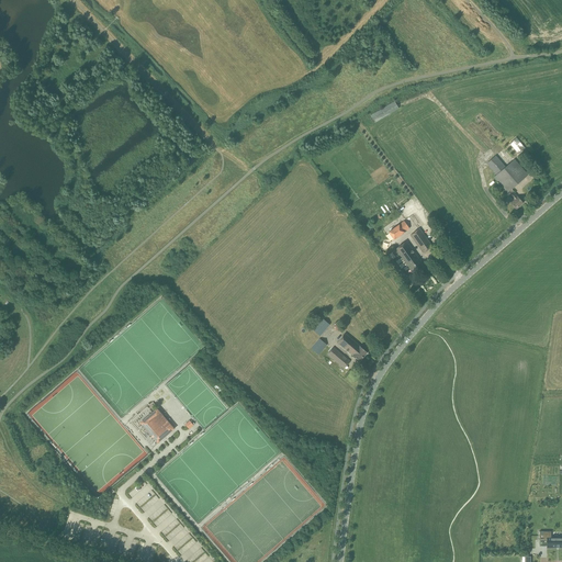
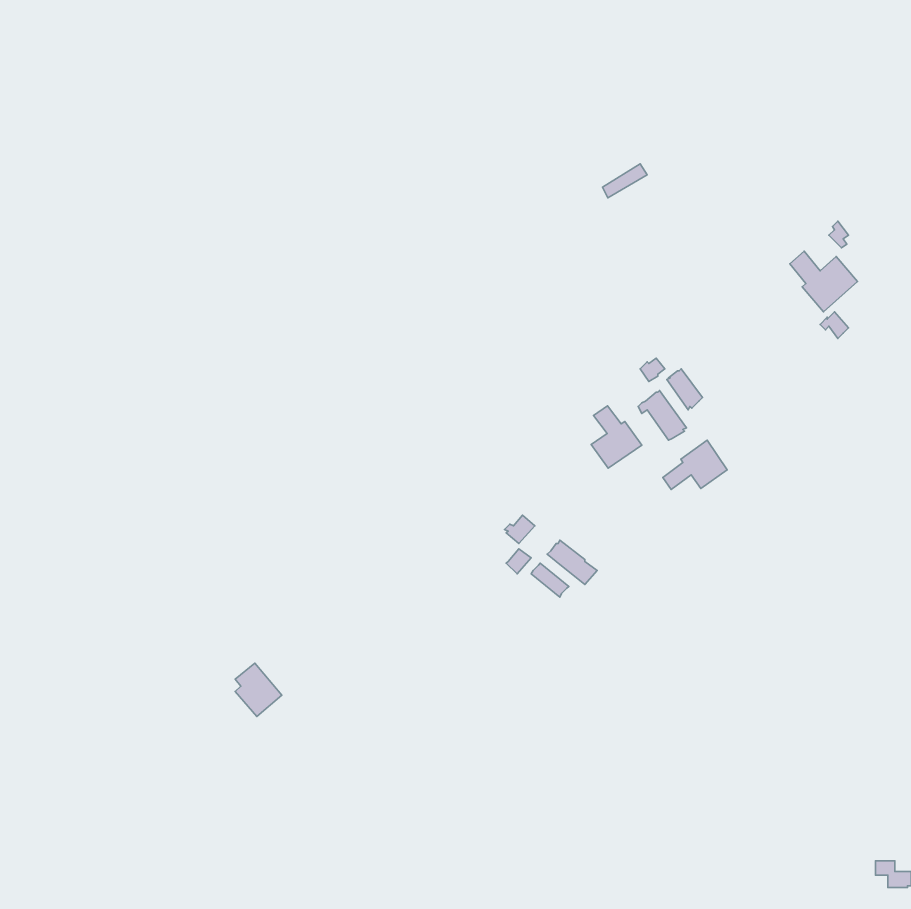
building: none -> [591,406,642,468]
building: none -> [663,440,727,490]

